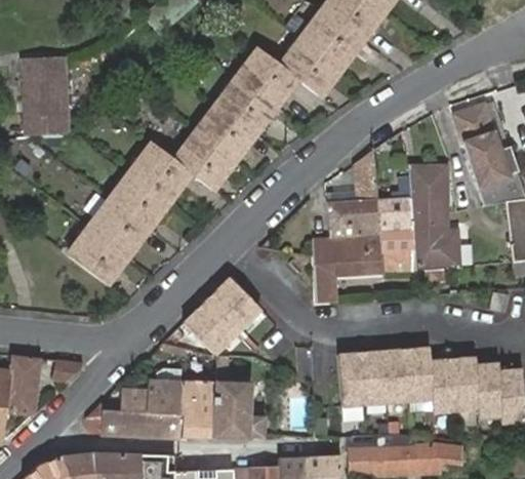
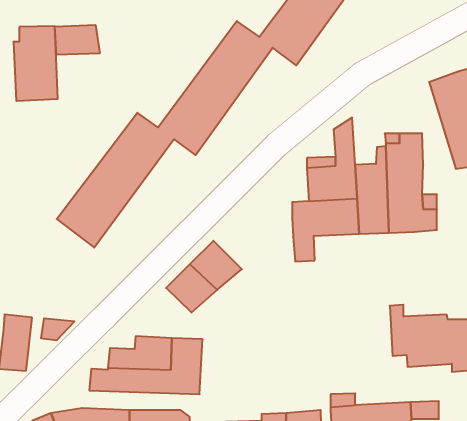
building: none -> [55,25,100,55]
building: [338,347,417,403] -> none
building: [216,382,266,440] -> none

